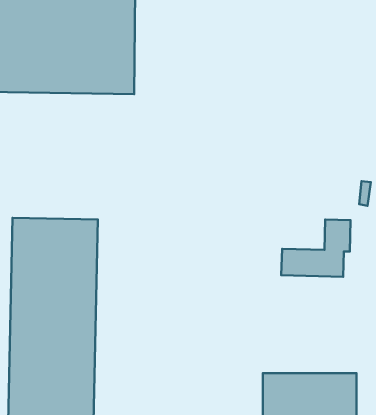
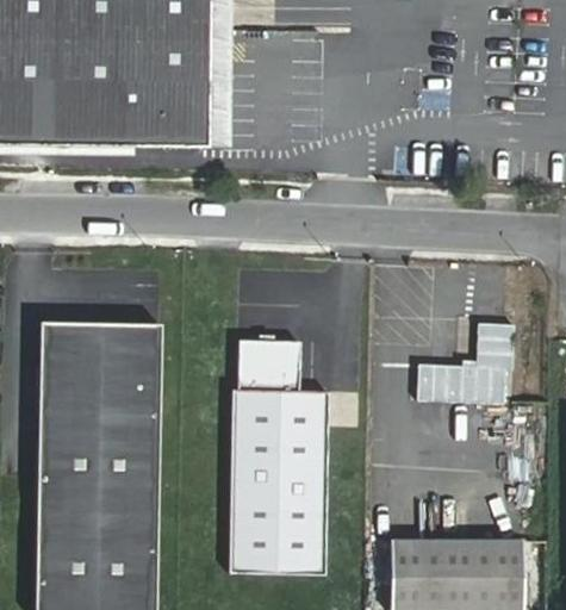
building: none -> [230,342,329,572]

